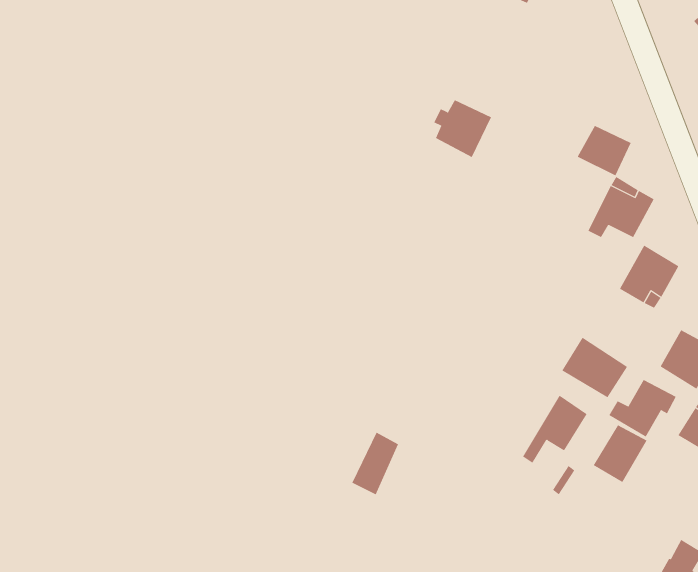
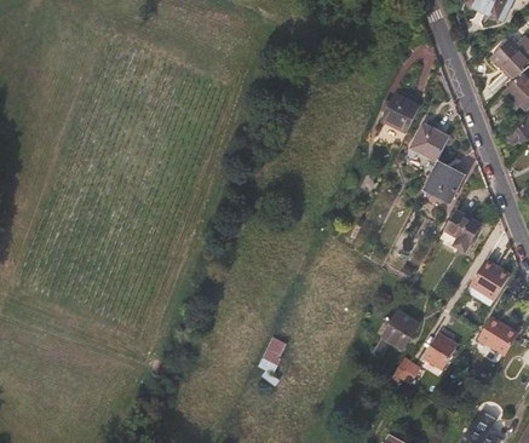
building: [434,100,492,158] -> [380,93,420,133]
building: [561,337,628,398] -> none
building: [608,379,677,437] -> none

